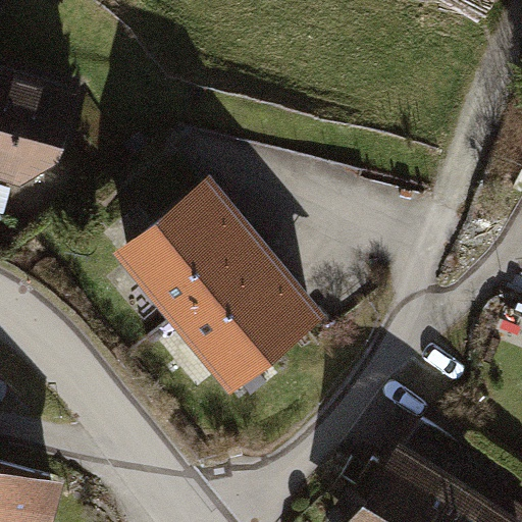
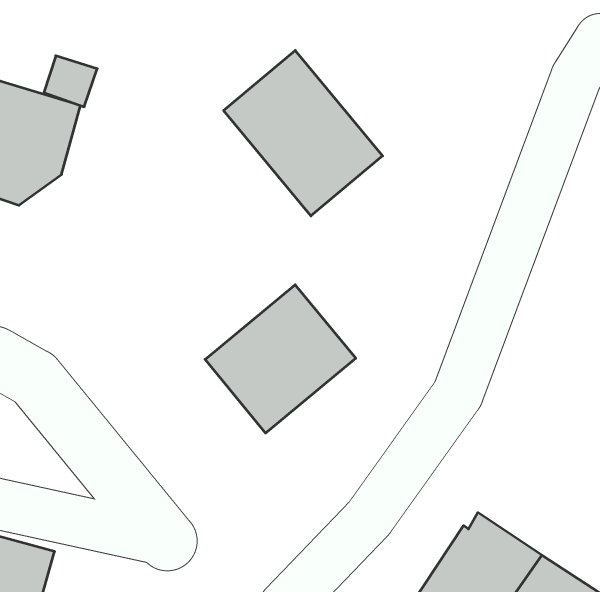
building: none -> [224,50,383,216]
building: [123,194,254,321] -> none

